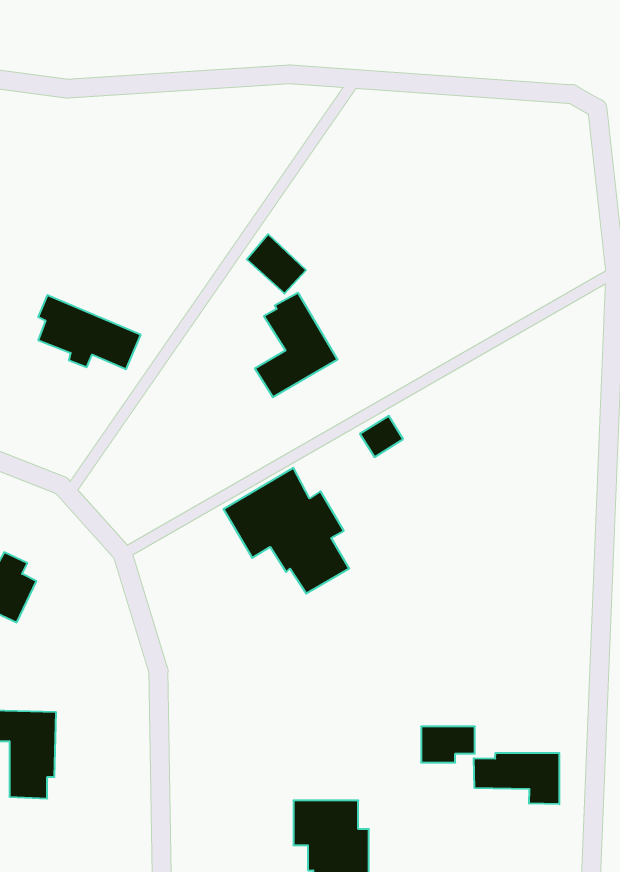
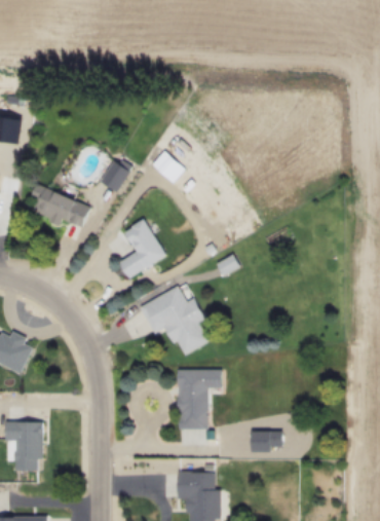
building: none -> [101,162,129,193]
building: [255,293,338,397] -> [119,219,166,278]
building: none -> [177,370,224,431]
building: [474,753,559,804] -> none

